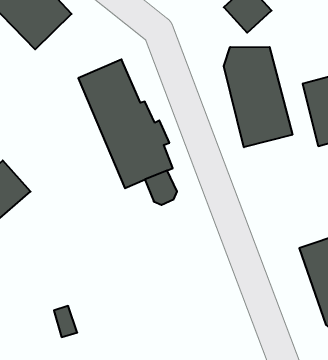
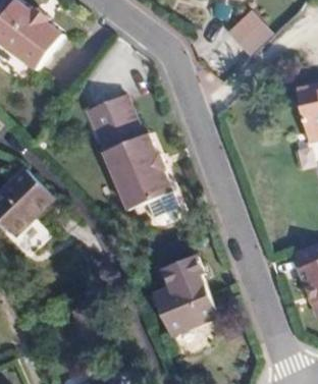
building: [224,47,292,147] -> none
building: none -> [149,244,215,327]

